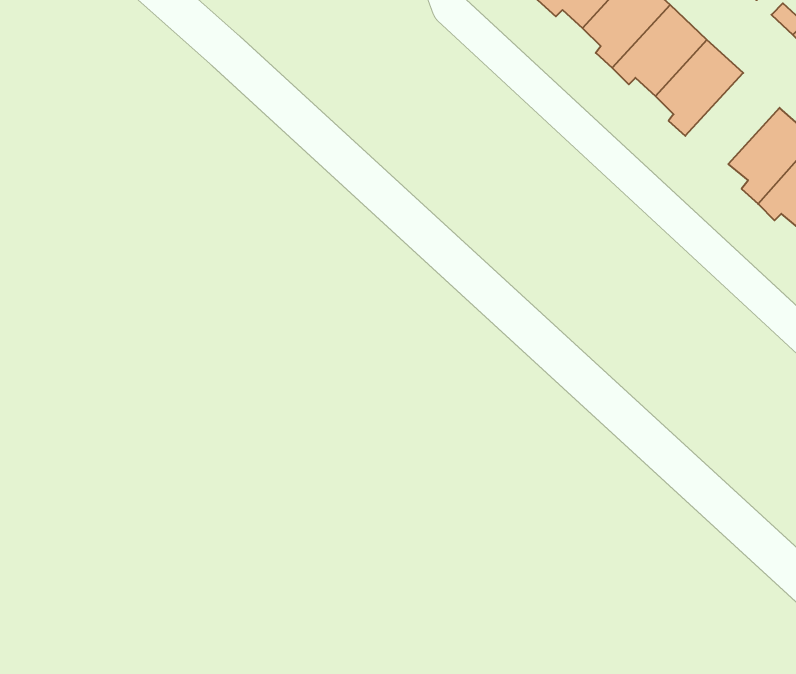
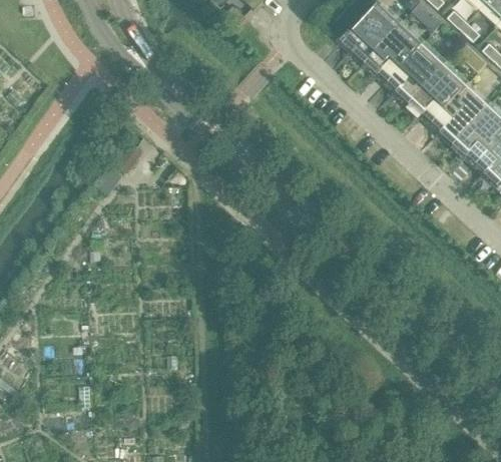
building: none -> [429,84,486,139]

